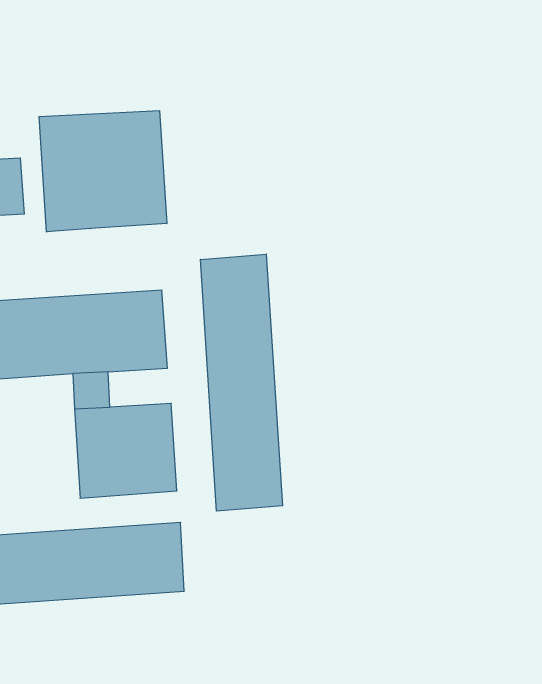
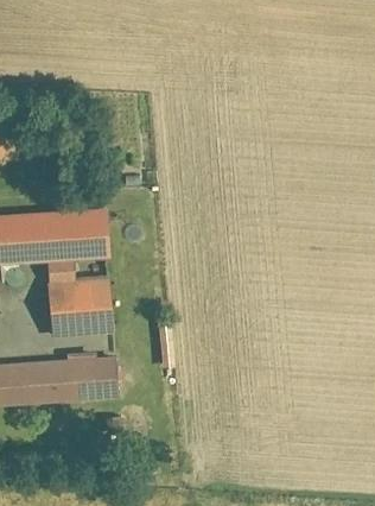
building: [39,111,167,232] -> none
building: [200,254,283,511] -> none

